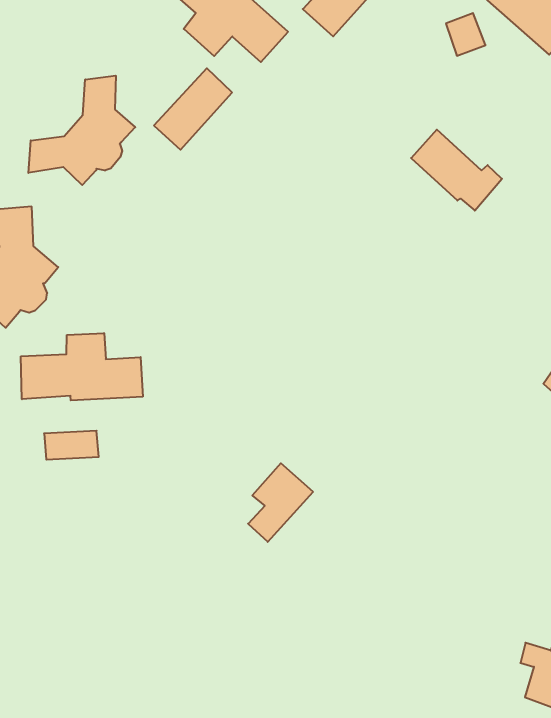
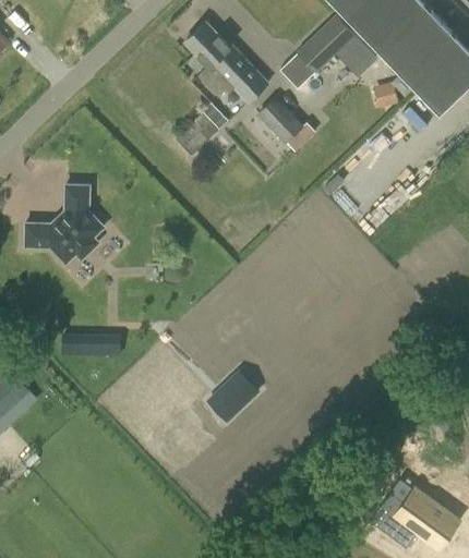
building: [28,76,135,185] -> none
building: [411,130,502,211] -> [255,96,314,151]
building: [21,333,143,400] -> none

